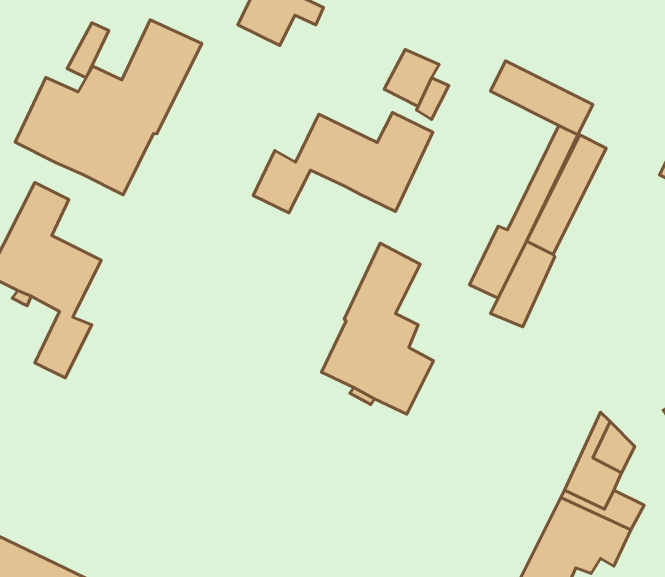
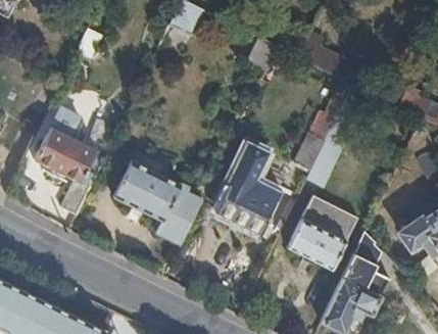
building: [15,20,202,195] -> none
building: [253,113,433,213] -> none
building: none -> [112,160,200,244]
building: none -> [286,194,357,271]

